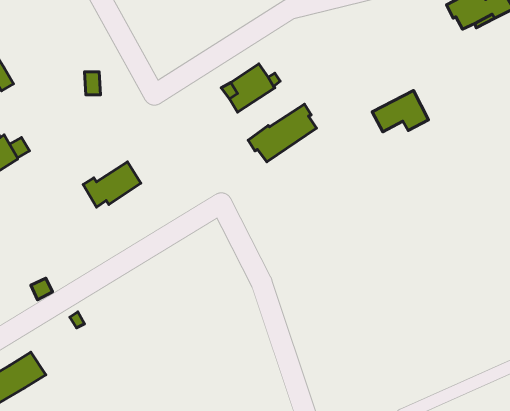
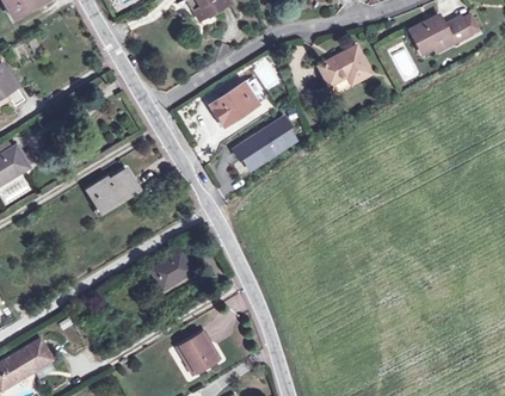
building: [372,90,428,132] -> [319,47,369,83]
building: none -> [150,252,191,289]
building: none -> [175,333,216,373]

